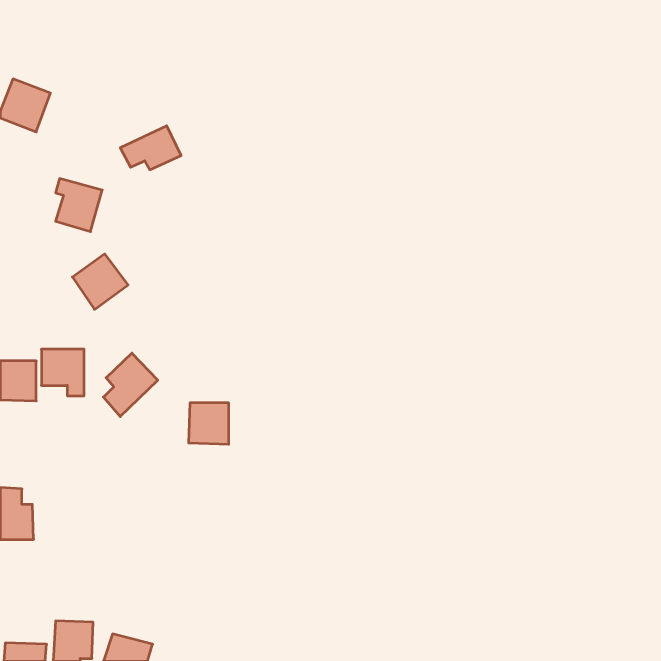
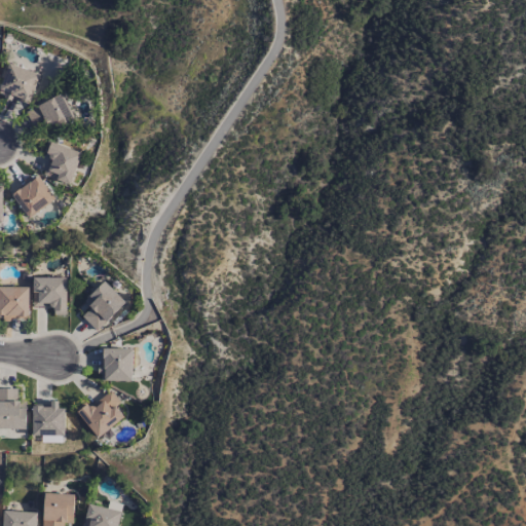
building: [120,126,181,170] -> [26,93,74,128]
building: [72,254,128,309] -> [12,174,57,218]
building: [189,403,229,444] -> [101,348,133,381]
building: none -> [76,389,124,438]
building: none -> [32,401,65,436]

